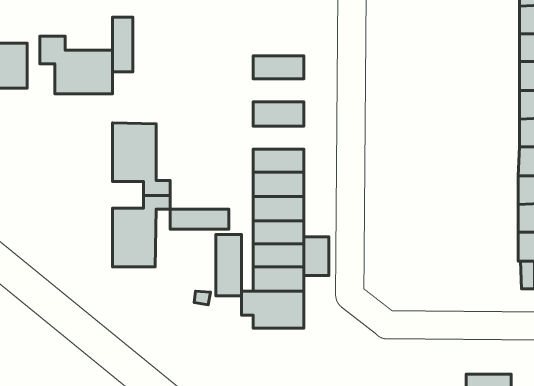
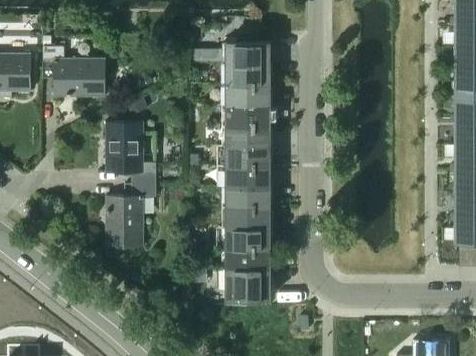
building: [112,17,133,72] -> none
building: none -> [226,43,270,65]
building: none -> [226,85,270,105]
building: none -> [226,126,270,146]
building: [170,209,229,229] -> none
building: [216,235,242,296] -> none
building: [304,237,329,276] -> none

